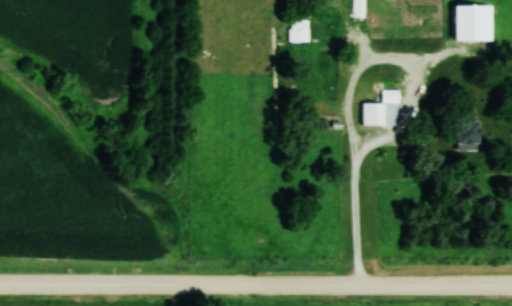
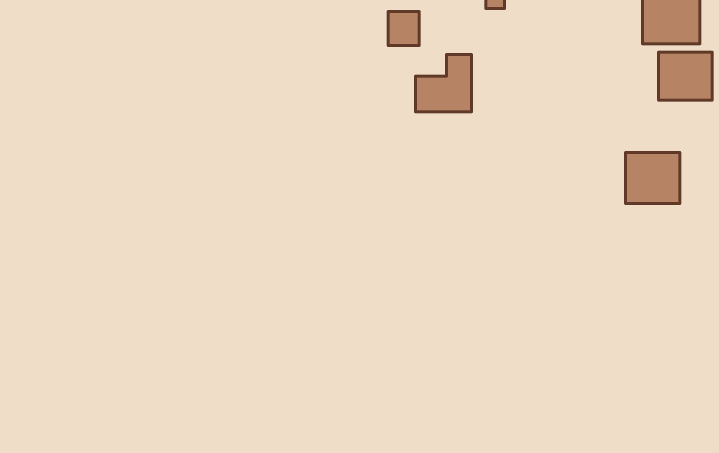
building: none -> [659,52,712,100]
building: [363,89,399,126] -> [416,54,471,112]

